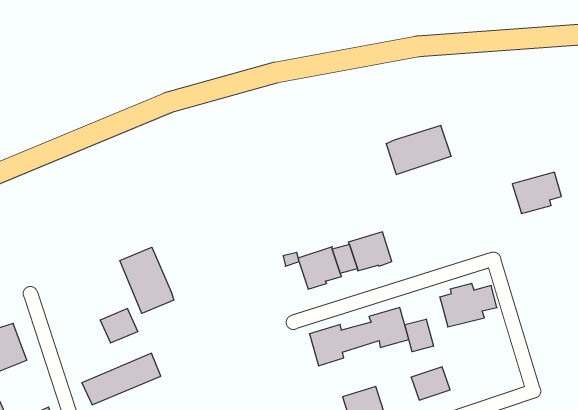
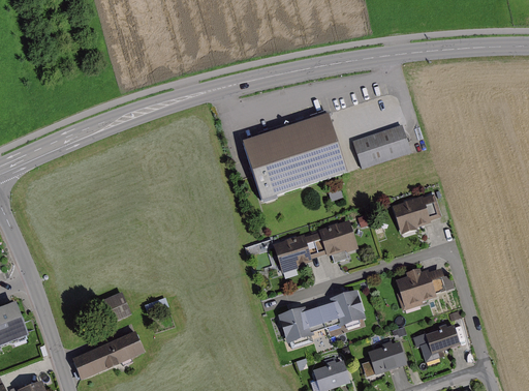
building: none -> [240,114,344,202]
building: [512,172,561,214] -> [396,193,440,231]
building: [120,247,174,313] -> none
building: [405,319,433,352] -> none
building: none -> [422,325,457,354]

